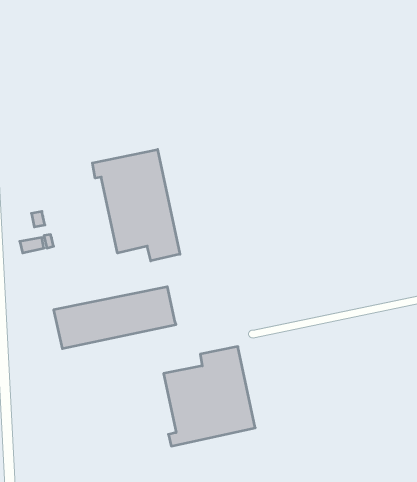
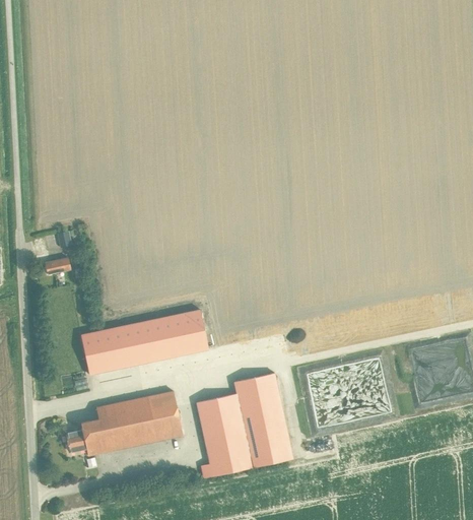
building: [92,149,180,261] -> none
building: none -> [66,391,183,456]

